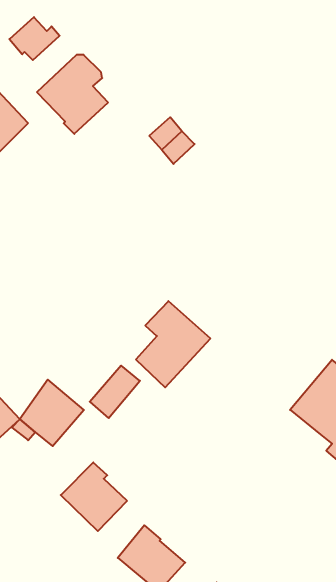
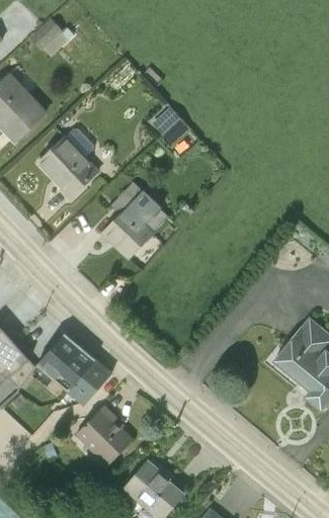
building: [37,55,108,134] -> [36,128,98,197]
building: [136,301,210,387] -> [102,182,167,257]
building: [90,366,140,418] -> [67,359,110,405]

